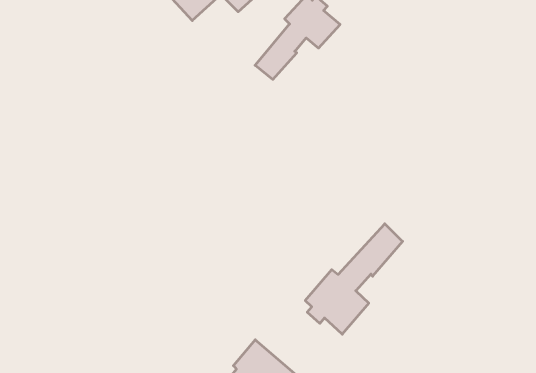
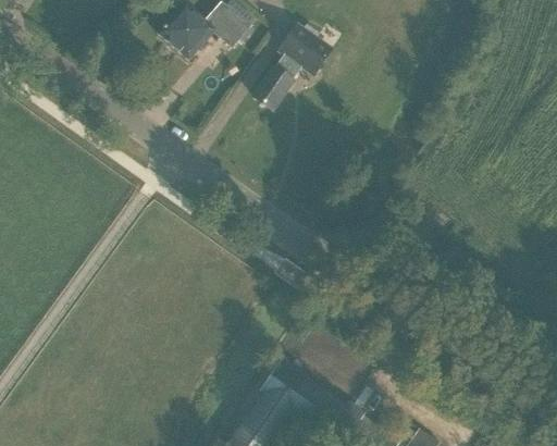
building: [305,224,403,334] -> none

